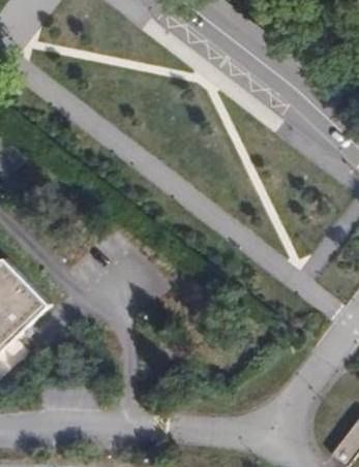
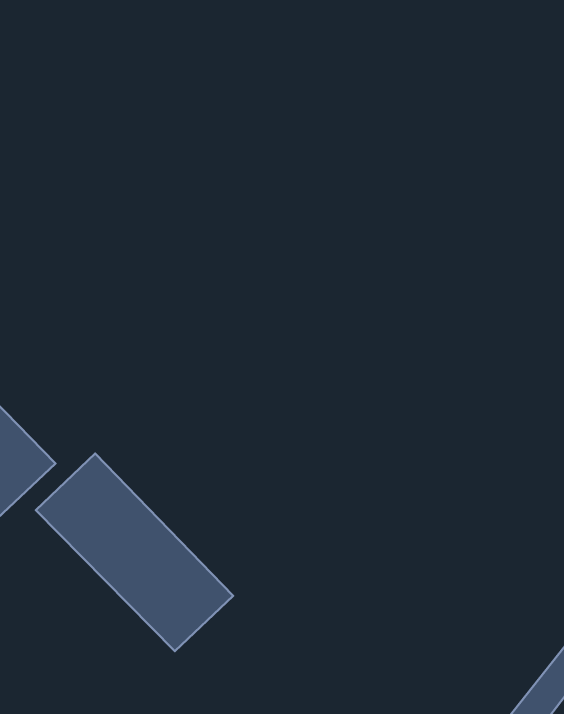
building: none -> [36,453,233,651]

